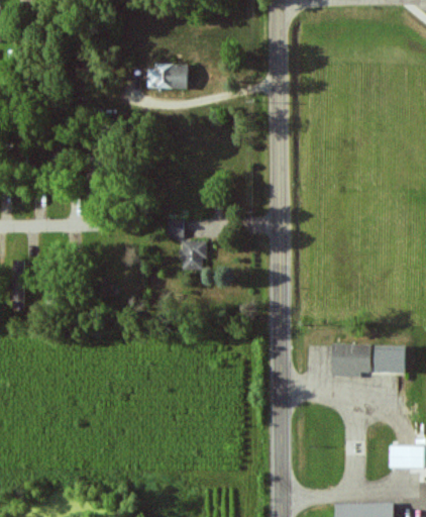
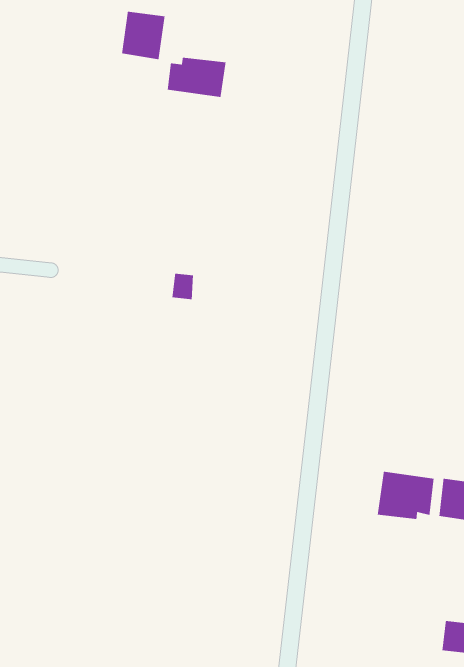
building: none -> [121,11,165,60]
building: [180,240,206,272] -> none

